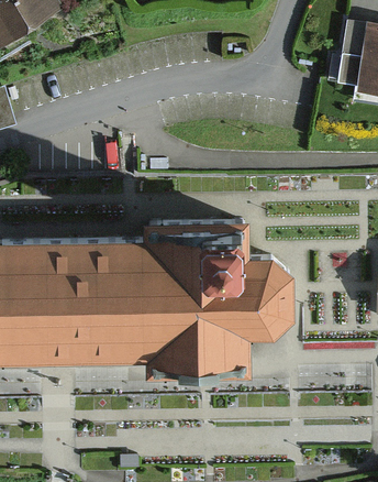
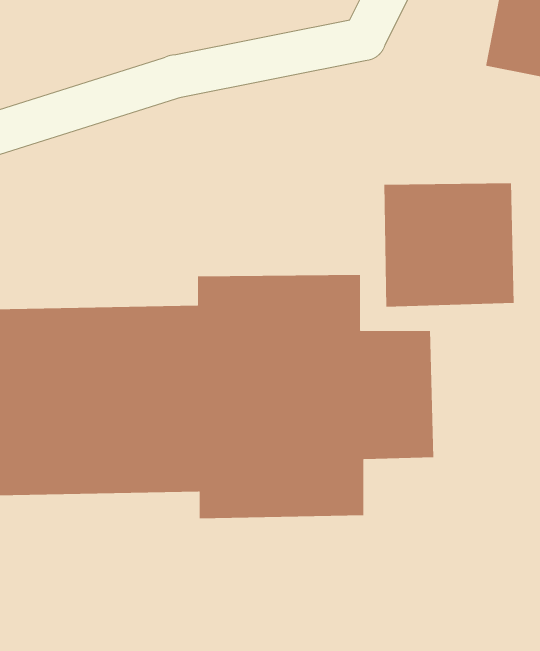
building: none -> [383,182,515,308]

